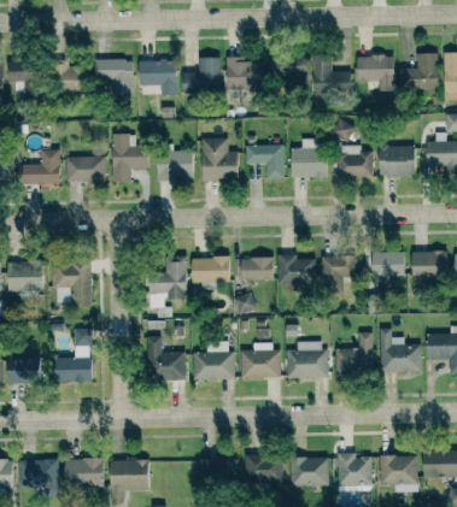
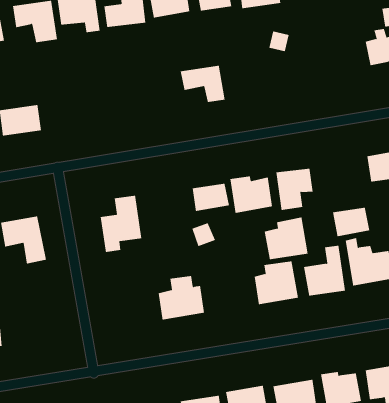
building: [111,134,147,181] -> none
building: [200,137,238,179] -> none
building: [289,138,326,177] -> none
building: [339,145,374,177] -> none
building: [379,145,415,176] -> none
building: [156,151,193,181] -> none
building: [370,252,404,276] -> [332,207,370,237]
building: [191,257,229,283] -> none
building: [53,334,90,383] -> none
building: [147,336,186,381] -> none
building: [240,342,280,378] -> [264,217,309,260]

